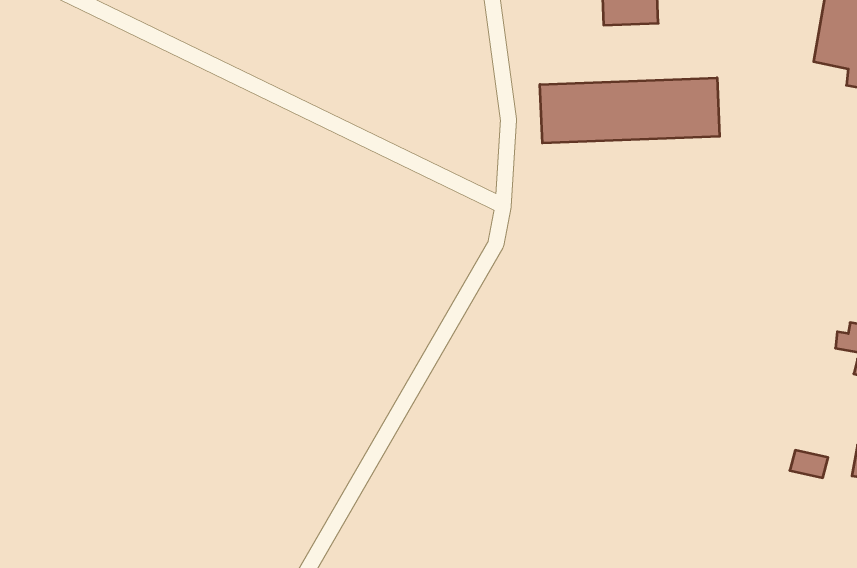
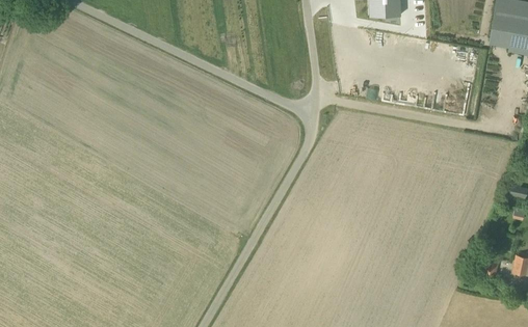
building: [540,78,720,143] -> none

